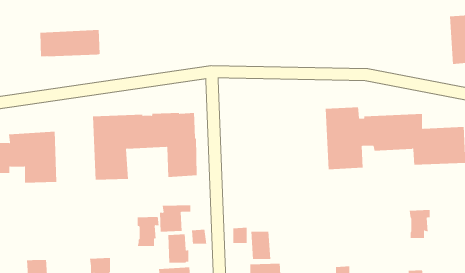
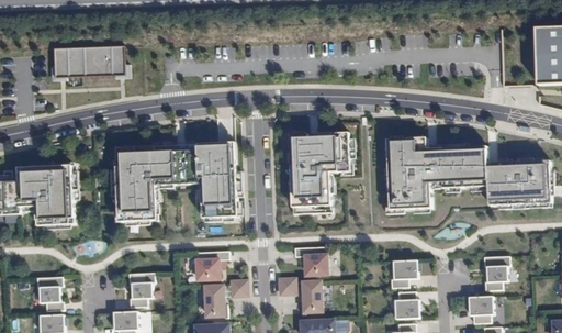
building: none -> [290,131,350,214]
building: none -> [294,246,328,277]
building: none -> [390,259,417,288]
building: [137,216,159,246] -> [128,273,155,308]
building: none -> [36,276,64,311]
building: none -> [395,291,420,320]
building: none -> [468,297,493,324]

